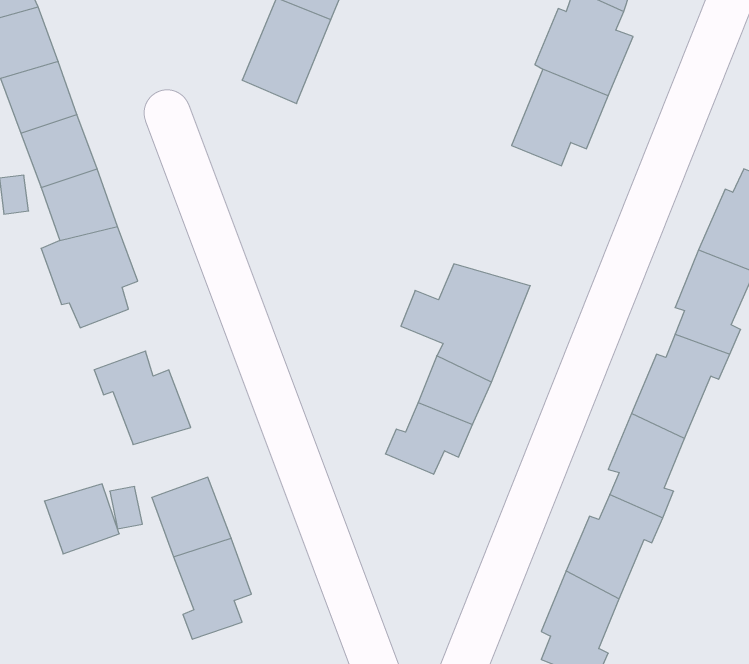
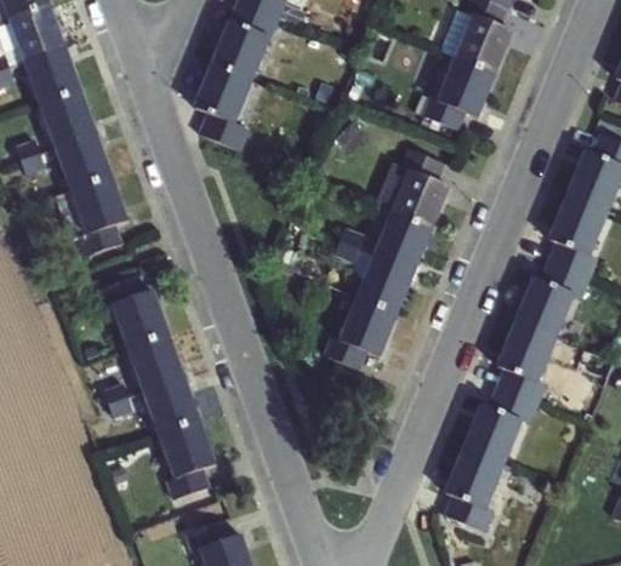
building: none -> [192,64,252,151]
building: none -> [375,148,451,224]
building: [44,484,119,554] -> [125,335,183,389]

